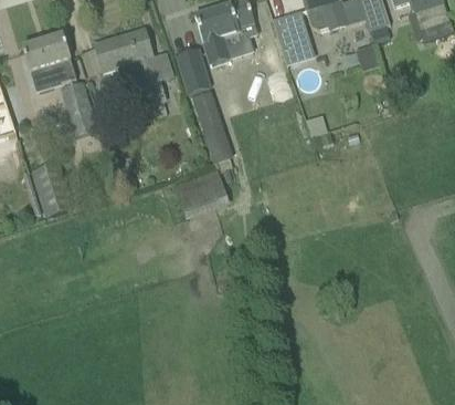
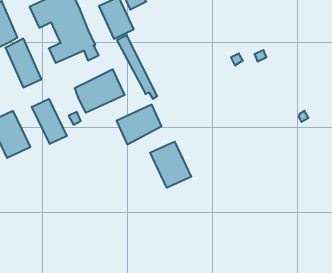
building: none -> [75,69,125,113]
building: none -> [32,99,67,144]
building: none -> [150,142,191,188]

